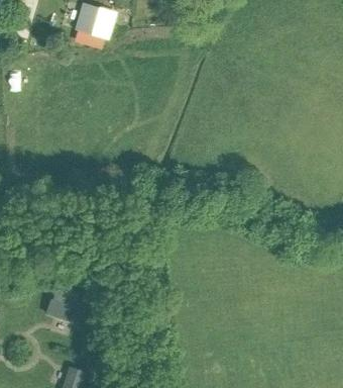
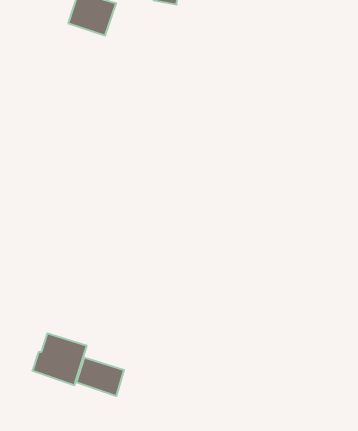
building: none -> [76,358,124,396]

